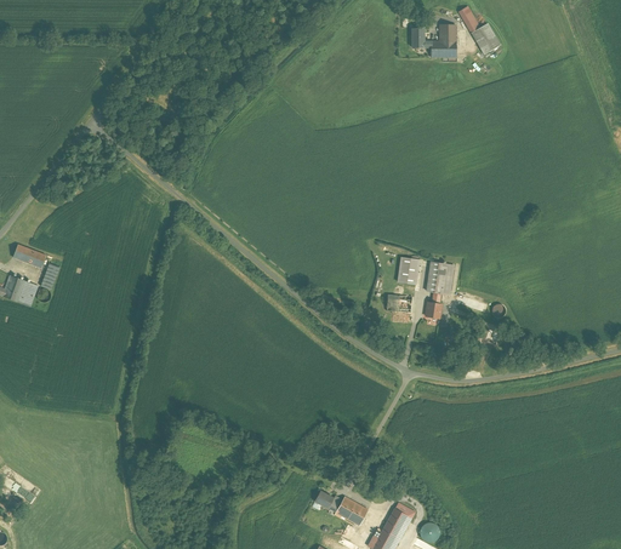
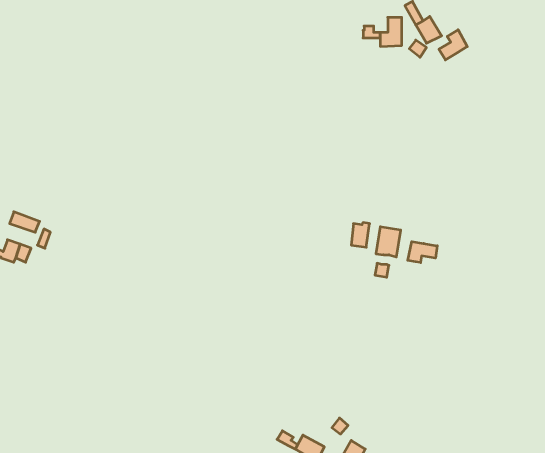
building: none -> [439,30,467,60]
building: none -> [408,242,437,263]
building: [386,294,411,321] -> none

